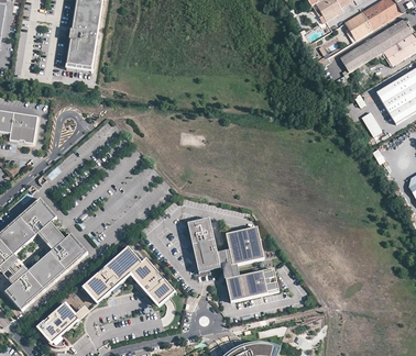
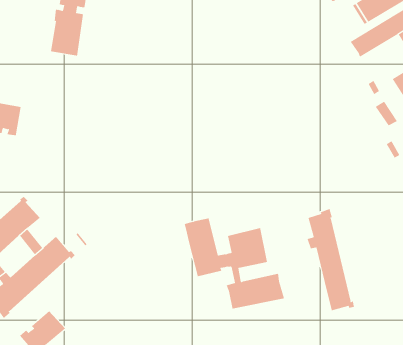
building: none -> [307,208,355,311]
building: [83,247,174,307] -> none

